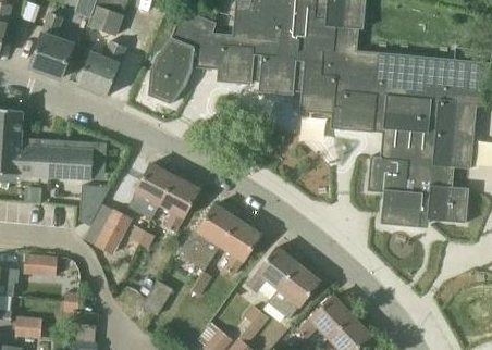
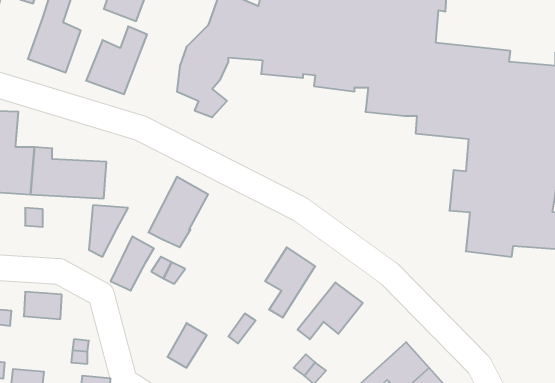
building: [159,175,198,230] -> none
building: [177,203,237,265] -> none
building: [268,262,319,318] -> none

